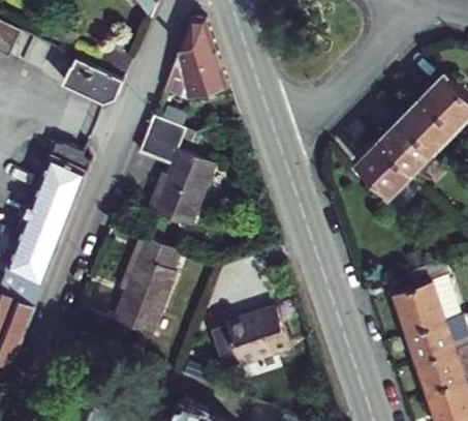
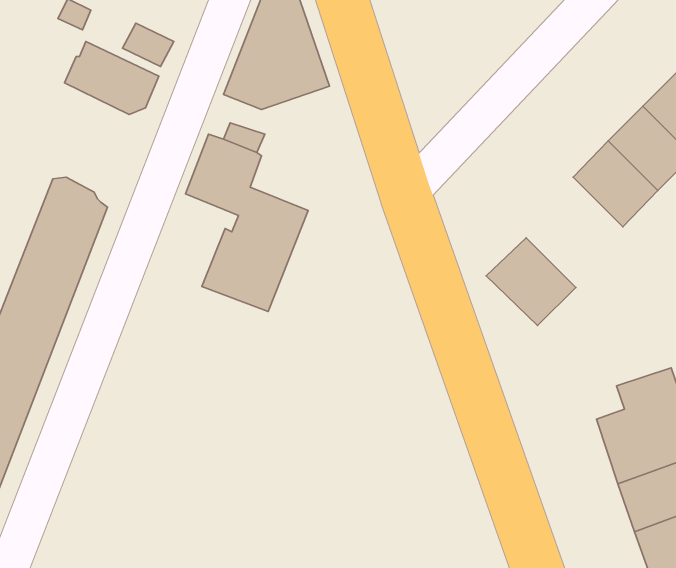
building: [354,144,410,199] -> [486,238,576,325]
building: [113,237,180,336] -> none
building: [210,310,288,371] -> none

